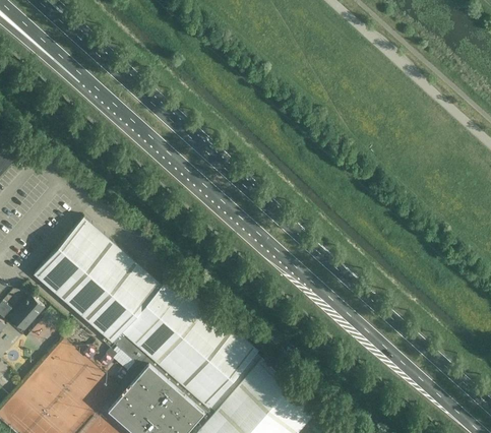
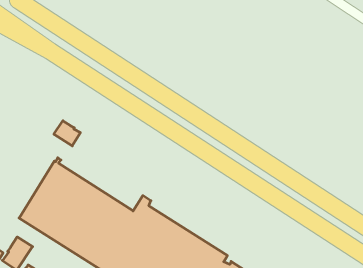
building: none -> [54,121,80,146]

